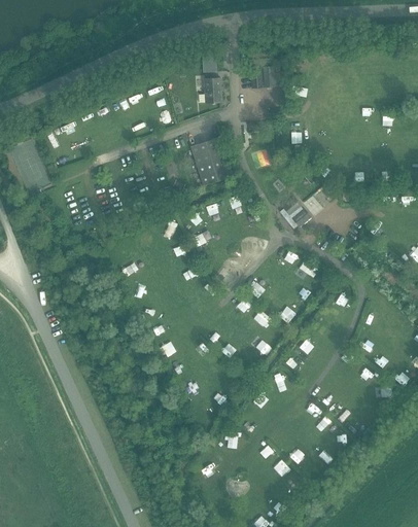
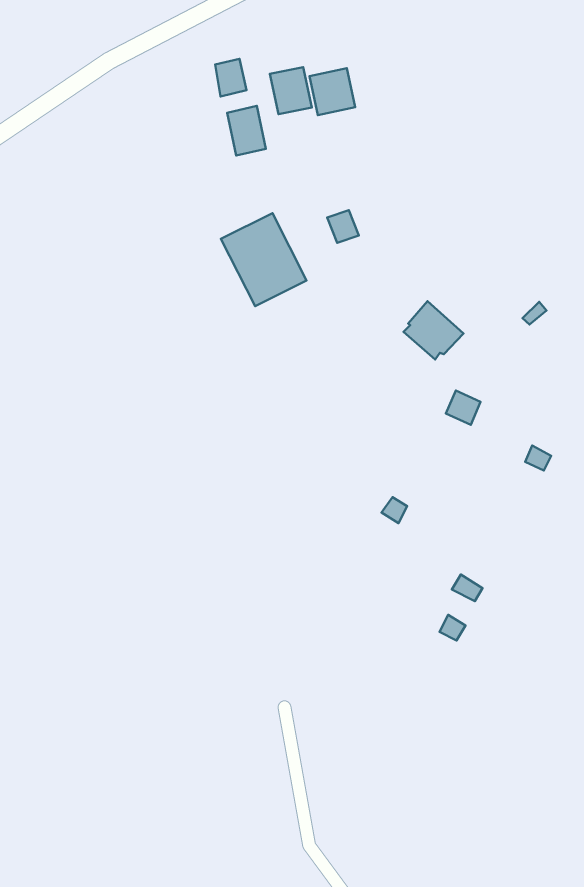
building: none -> [270,67,312,114]

